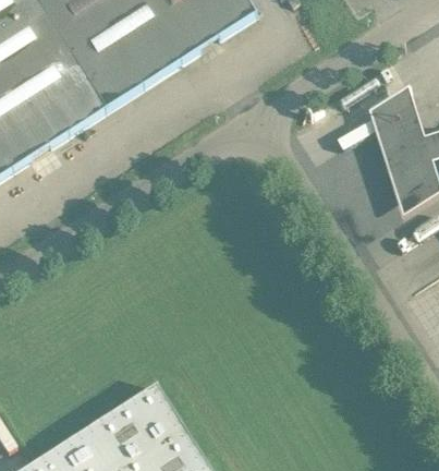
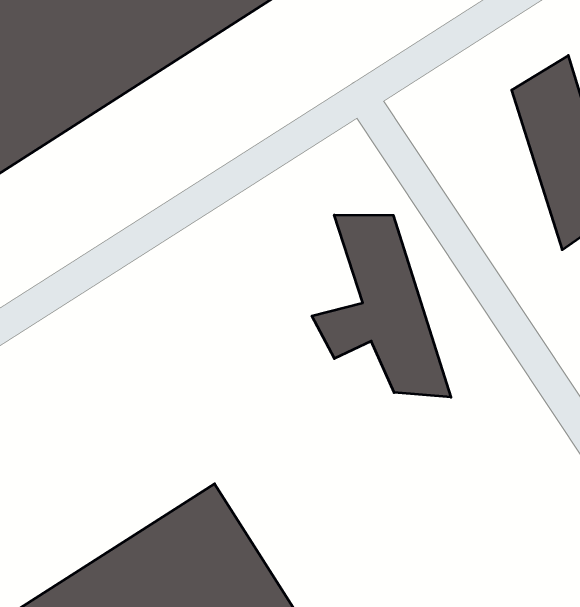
building: none -> [312,215,451,397]

